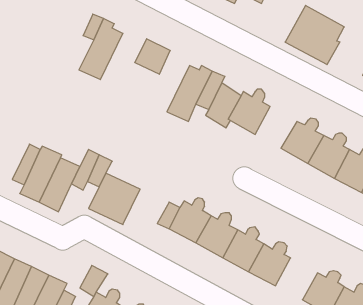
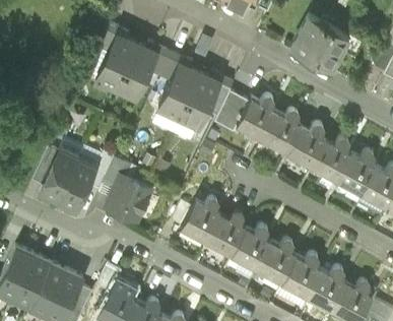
building: none -> [116,42,159,95]
building: none -> [158,58,200,116]
building: none -> [262,108,302,150]
building: none -> [281,252,321,294]

